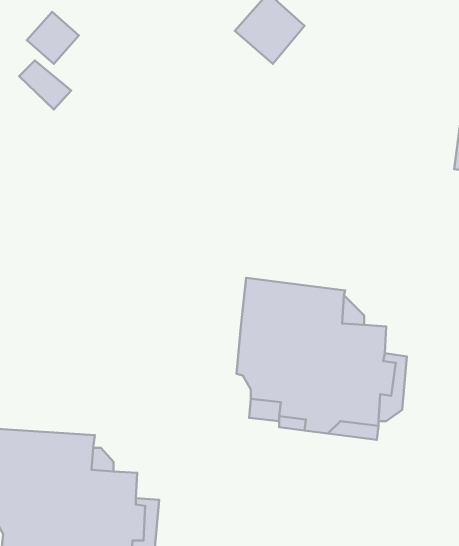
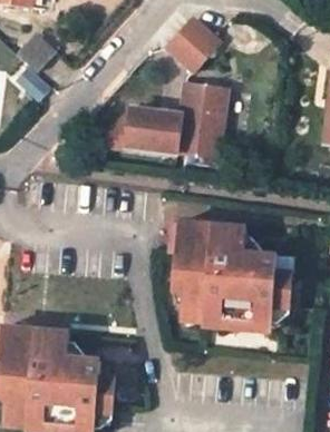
building: none -> [128,82,227,156]

